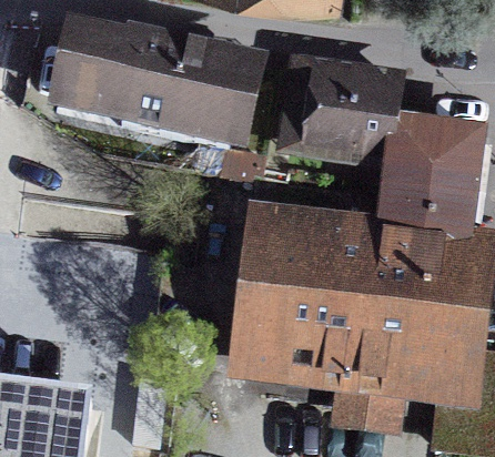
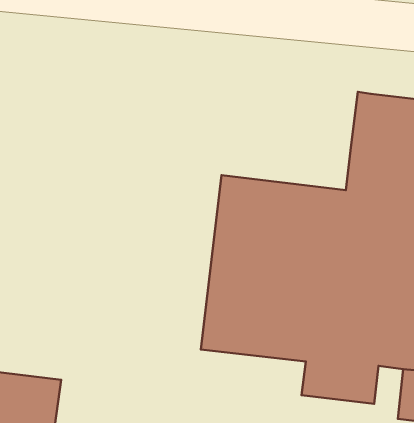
building: [63,41,248,152] -> none
building: [279,48,413,167] -> none

